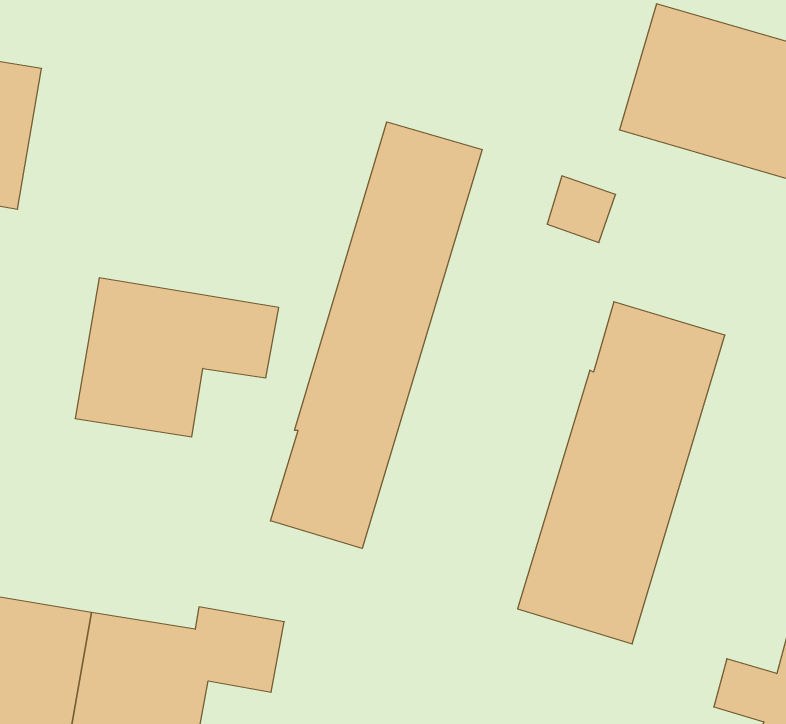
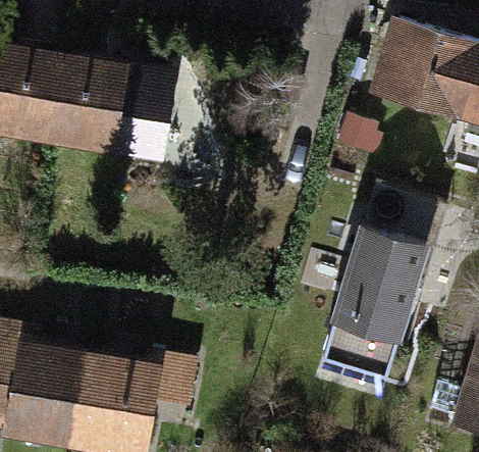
building: [270,122,482,548] -> none
building: [75,278,279,437] -> [49,59,161,147]

